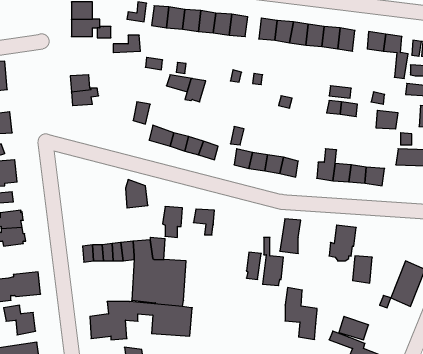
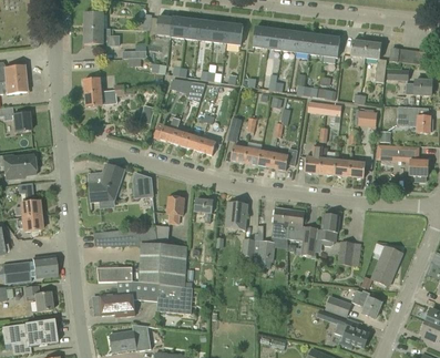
building: none -> [89,162,124,201]
building: none -> [225,202,247,228]
building: none -> [94,266,132,282]
building: [285,288,317,339] -> [288,208,317,255]
building: none -> [351,289,381,318]

